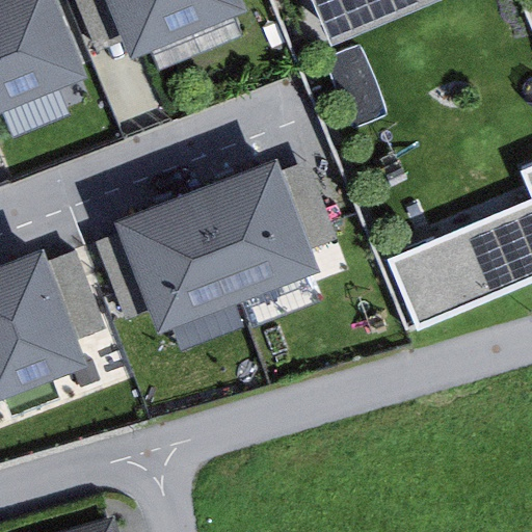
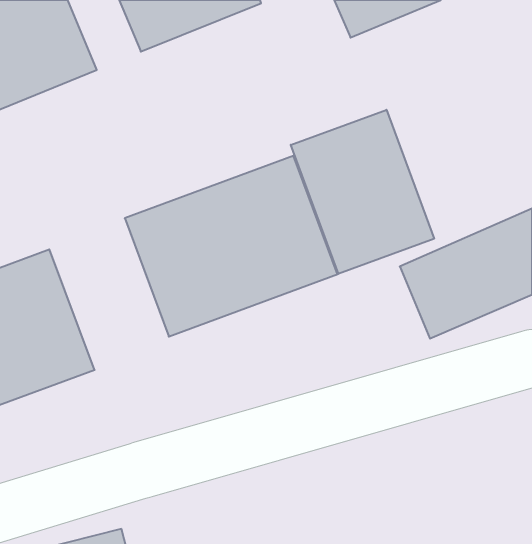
building: none -> [291,110,434,274]

